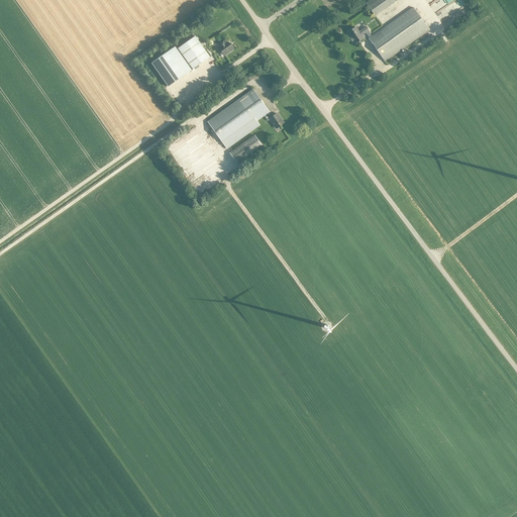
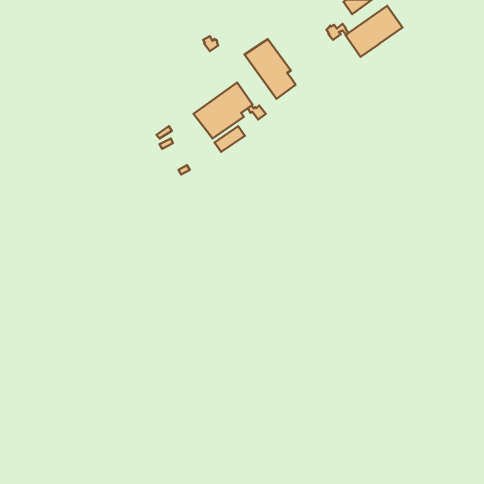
building: [150,35,208,86] -> none
building: none -> [245,39,295,99]

